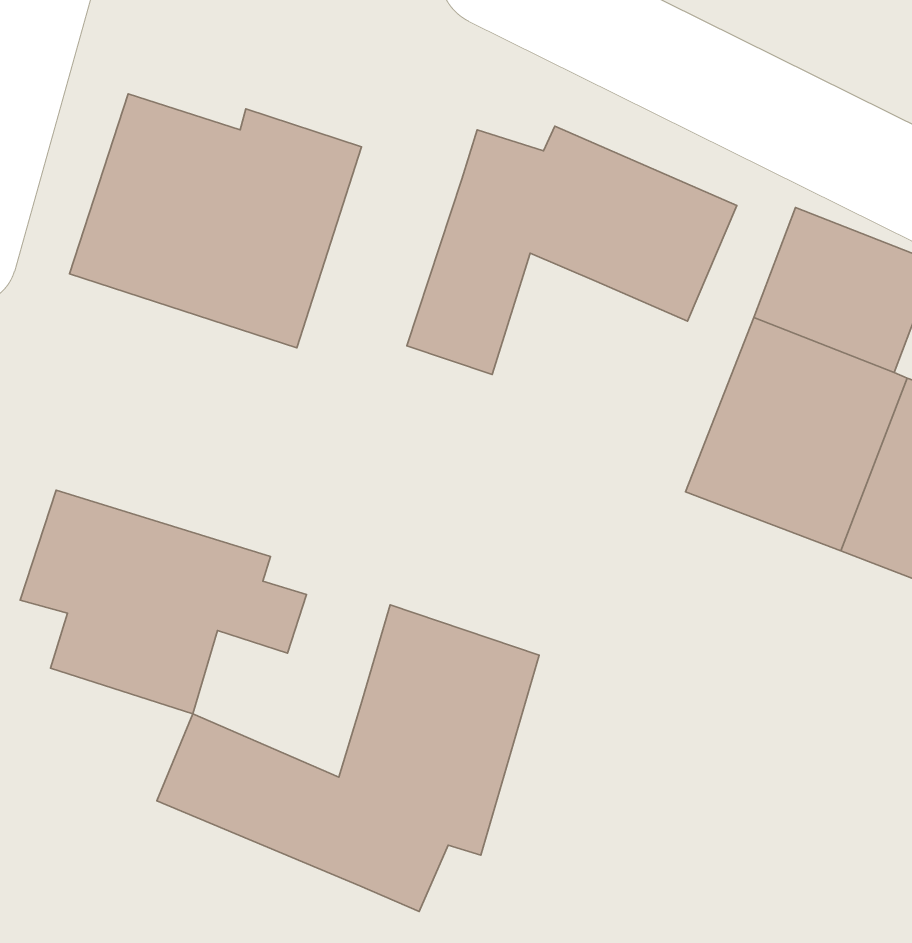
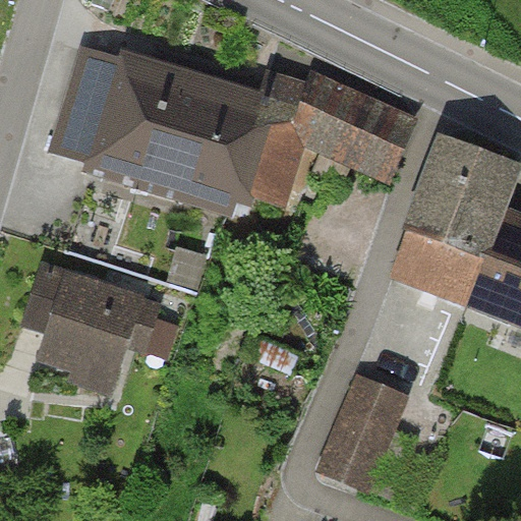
building: none -> [177,83,266,209]
building: [157,605,539,912] -> none
building: none -> [317,375,408,491]

